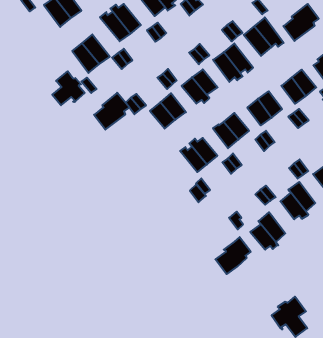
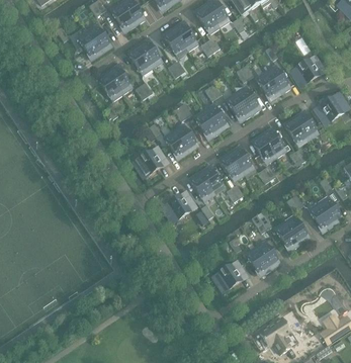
building: [52,71,85,105] -> none
building: [94,93,129,130] -> [135,145,167,177]
building: none -> [161,192,196,220]

